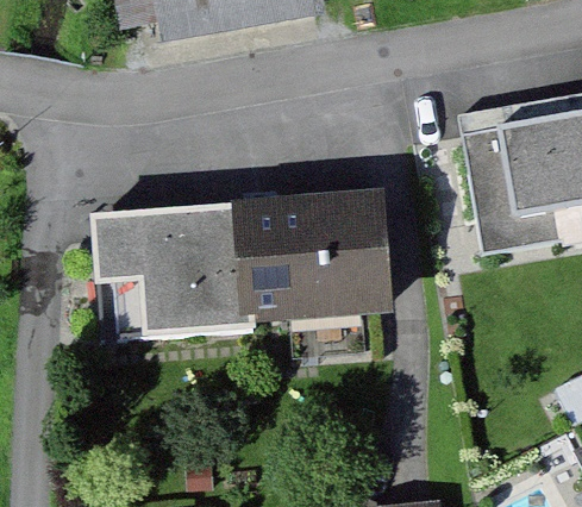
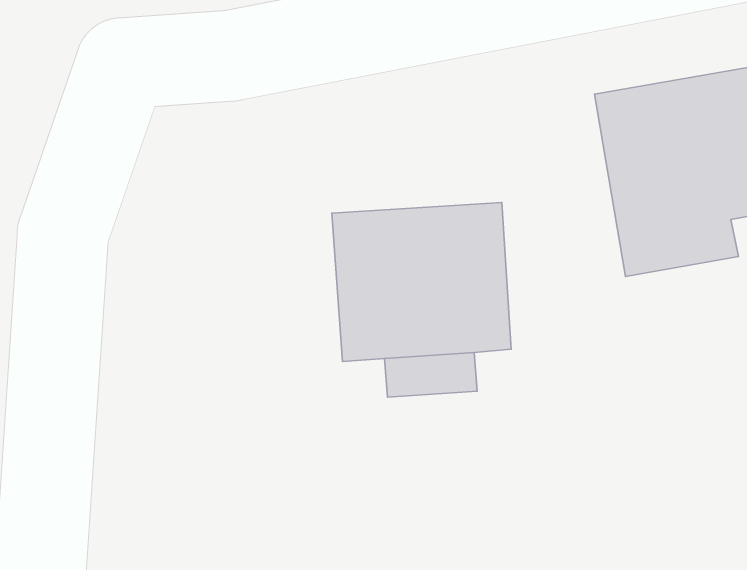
building: [98,205,264,340] -> none

